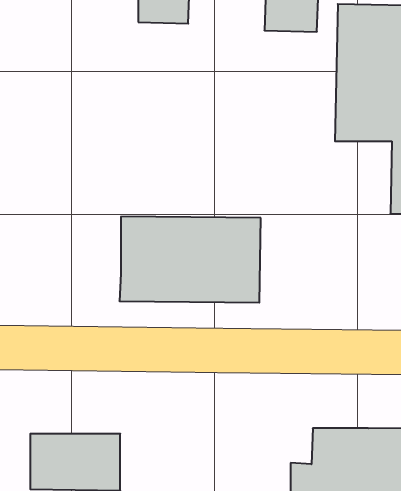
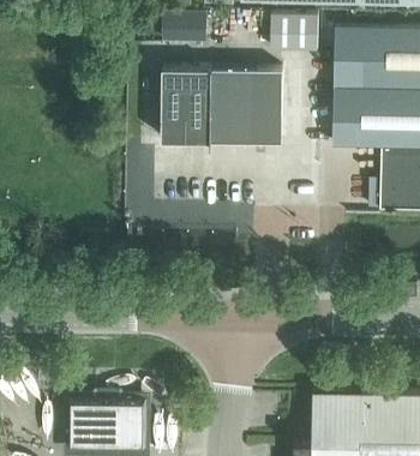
building: [119,217,261,303] -> [160,70,282,144]

